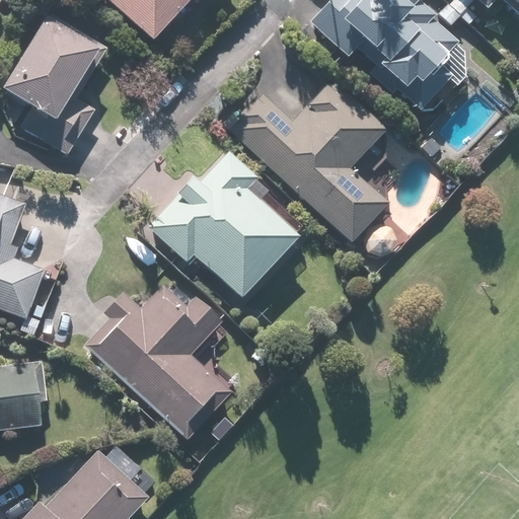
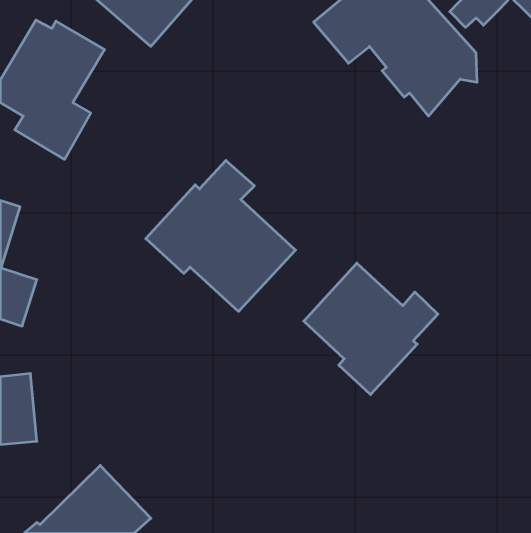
building: [226,83,388,244] -> none
building: none -> [304,263,438,395]
building: [89,284,232,440] -> none

